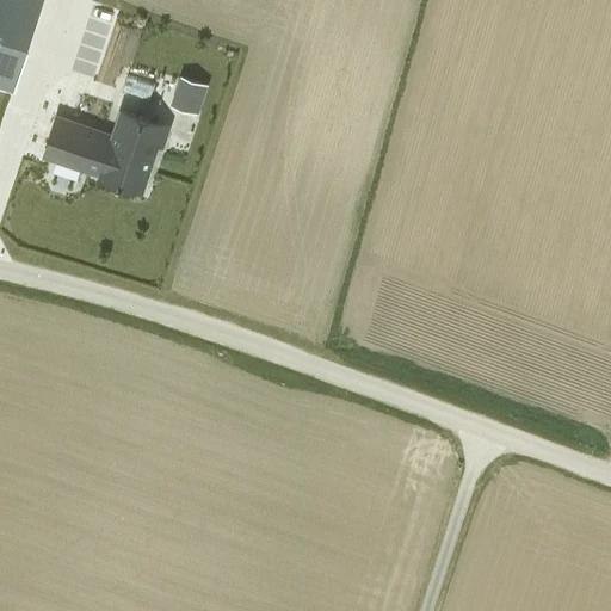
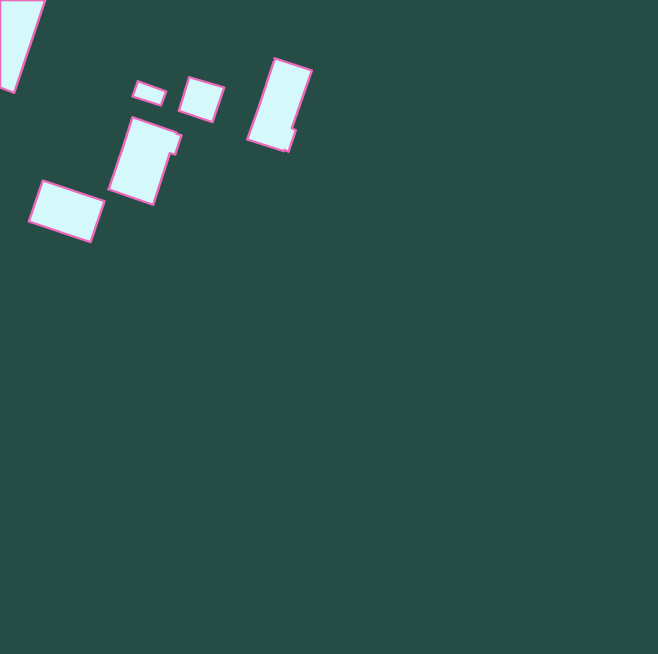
building: none -> [247,58,312,152]
building: [44,119,115,177] -> [29,180,105,242]

